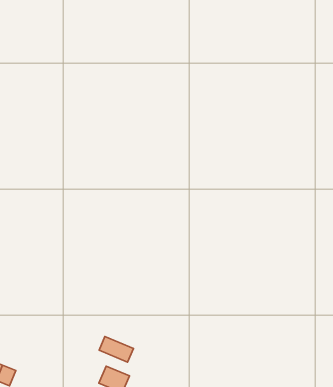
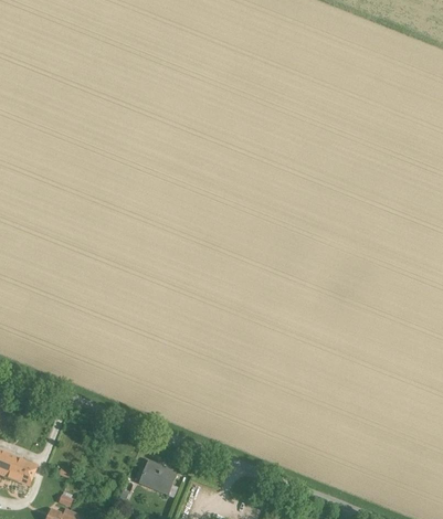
building: [99,336,133,362] -> none

